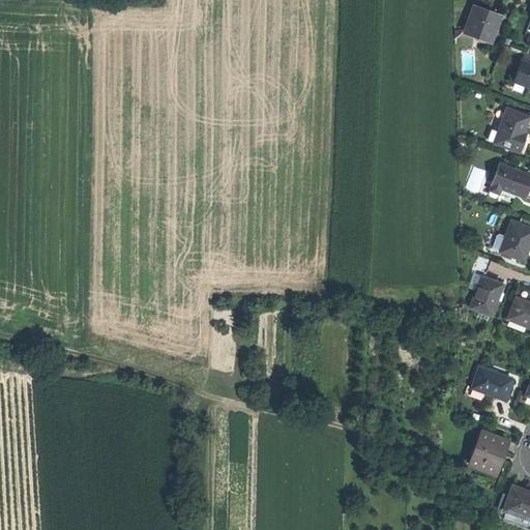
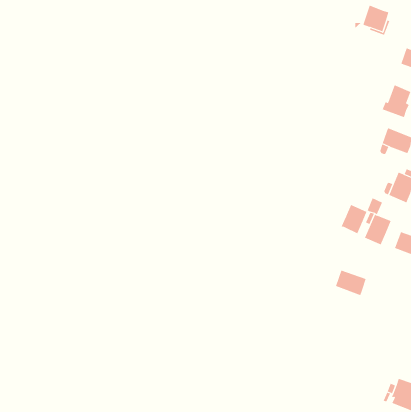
building: none -> [341,204,367,234]
building: [472,366,512,400] -> [335,270,366,296]
building: [470,431,508,473] -> none

